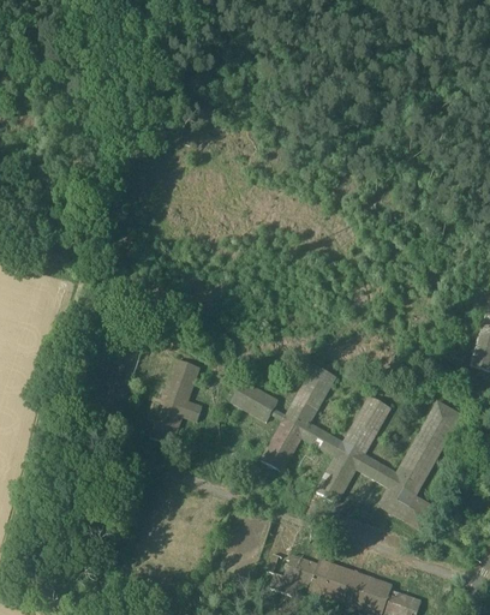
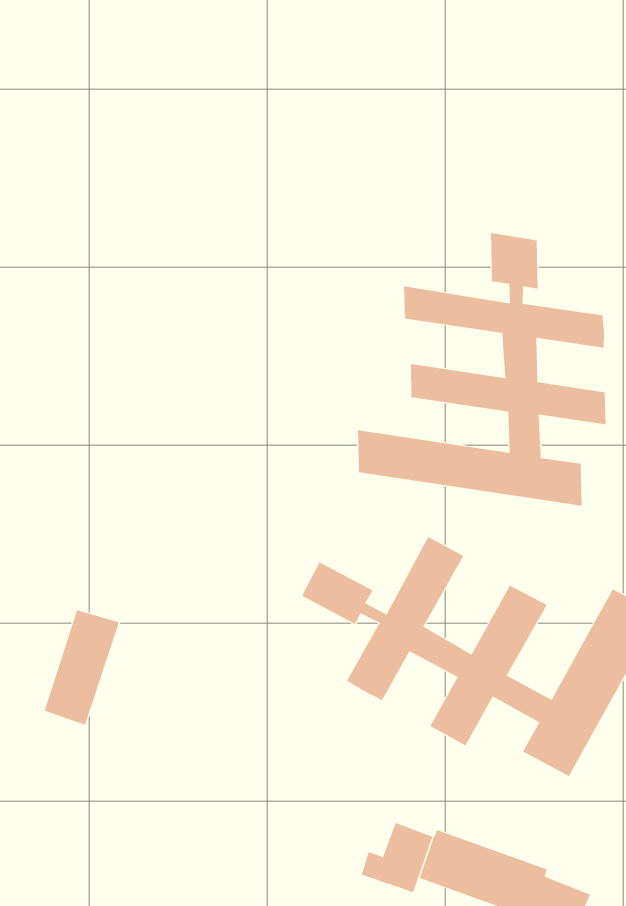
building: none -> [357,232,606,506]
building: [150,359,201,436] -> [44,610,120,725]

